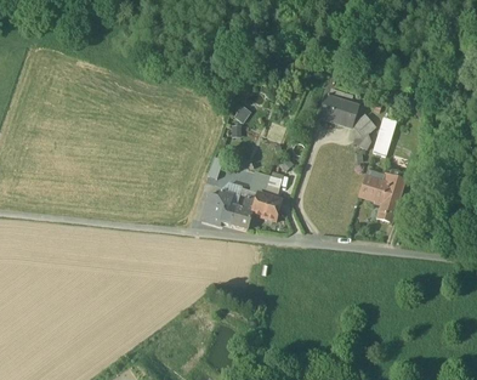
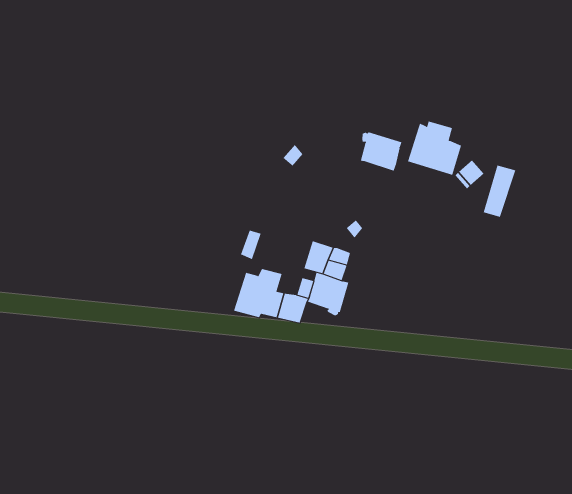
building: none -> [360,131,402,172]
building: [359,171,408,223] -> none

